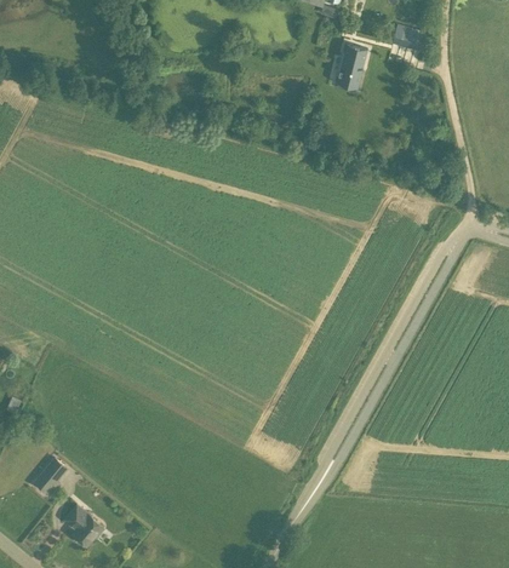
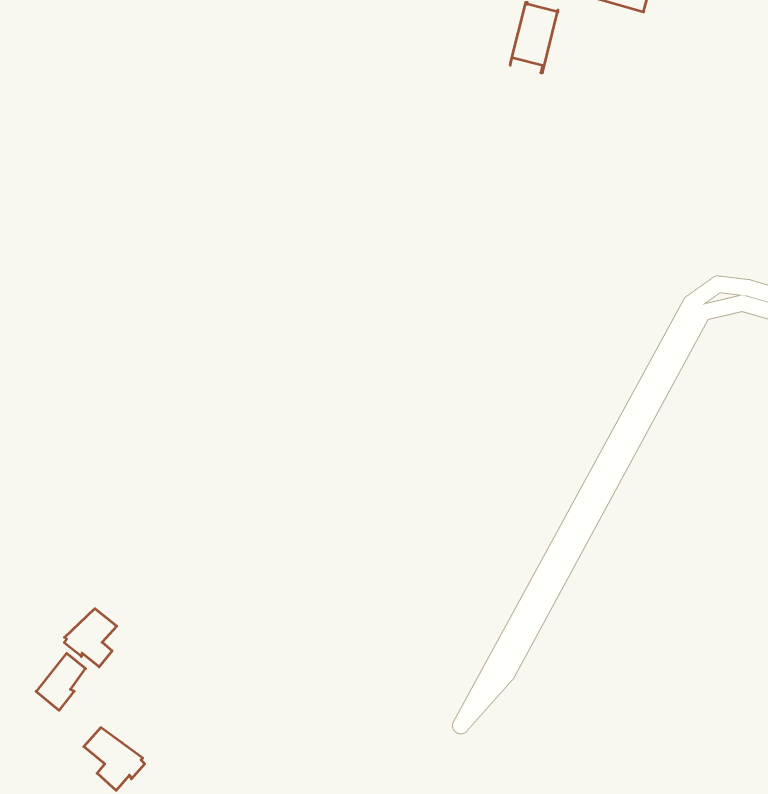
building: none -> [64,609,117,667]

